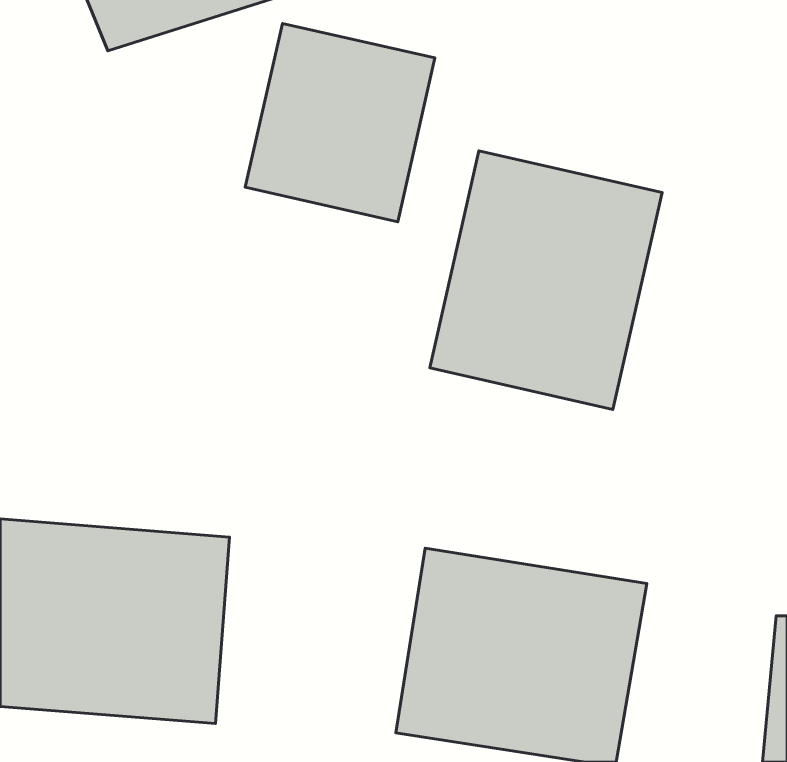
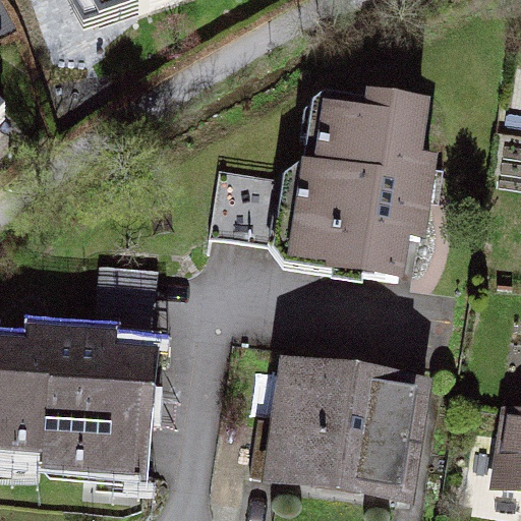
building: [245,23,435,222] -> none

